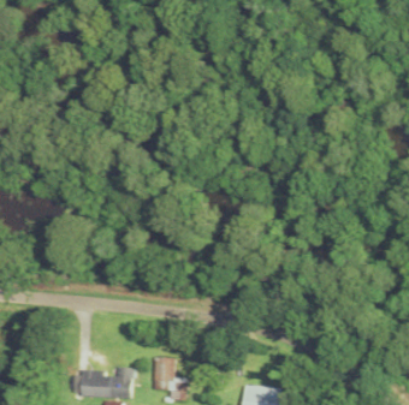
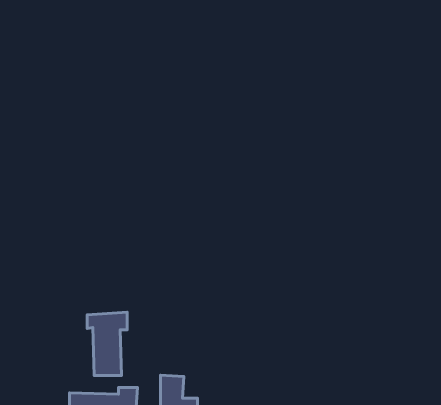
building: none -> [87,312,127,375]

